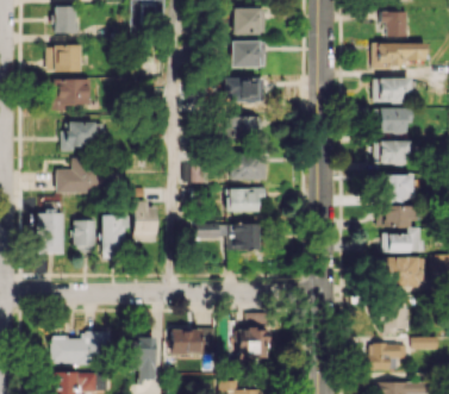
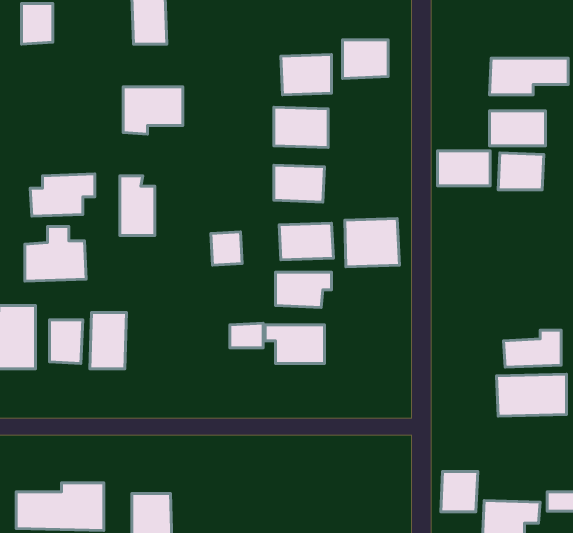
building: [233,8,264,35] -> [342,40,388,78]
building: [381,11,409,36] -> none
building: [46,45,81,71] -> none
building: [50,79,91,111] -> [123,87,183,134]
building: [374,140,410,164] -> [437,151,490,186]
building: none -> [345,218,400,267]
building: [379,174,413,200] -> none
building: [133,200,157,240] -> [120,176,155,235]
building: [378,205,416,226] -> none
building: [385,304,410,331] -> [441,472,478,512]
building: [237,312,270,359] -> none
building: [170,327,217,355] -> none

